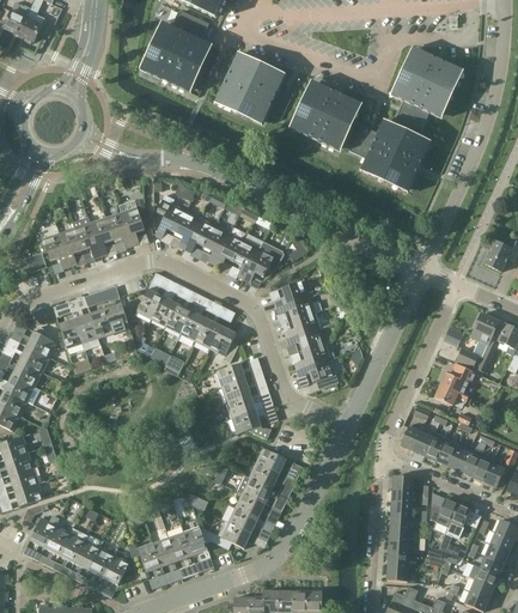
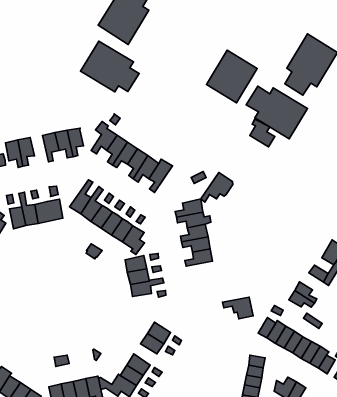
building: [215,57,292,121] -> [81,41,139,92]
building: none -> [250,119,275,147]
building: [72,217,100,259] -> none
building: [243,242,282,283] -> [201,173,233,202]
building: [295,359,337,389] -> [223,297,253,319]
building: [231,411,270,439] -> none
building: [236,475,287,504] -> none

